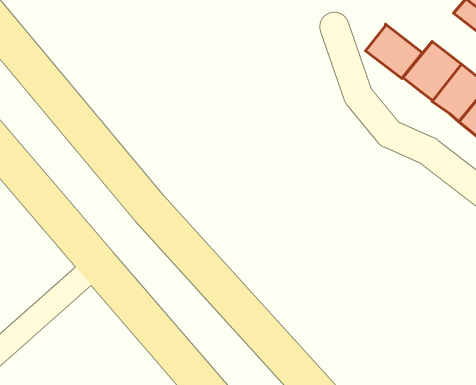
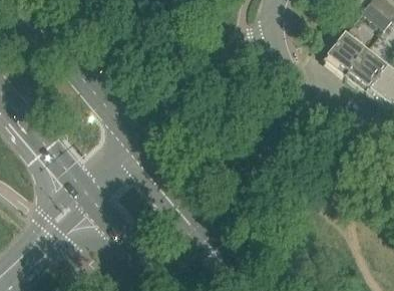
building: [365,24,422,79] -> none

